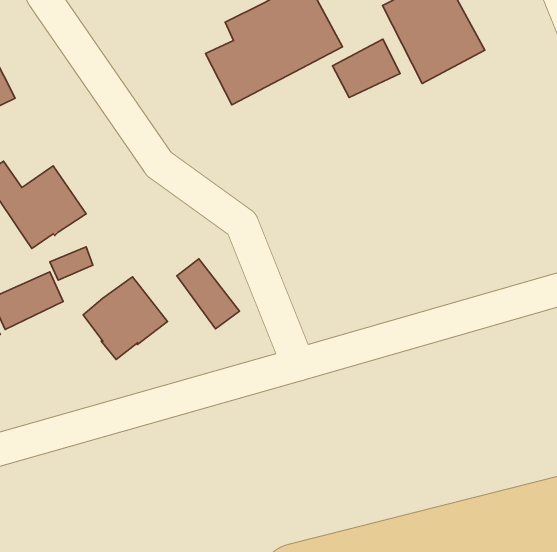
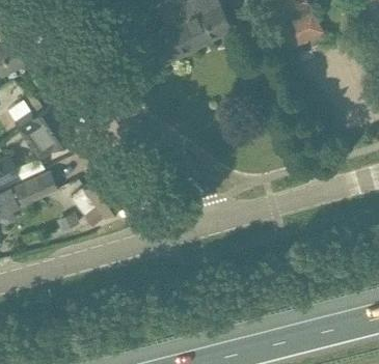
building: [332,39,400,98] -> none
building: [177,259,240,329] -> none

